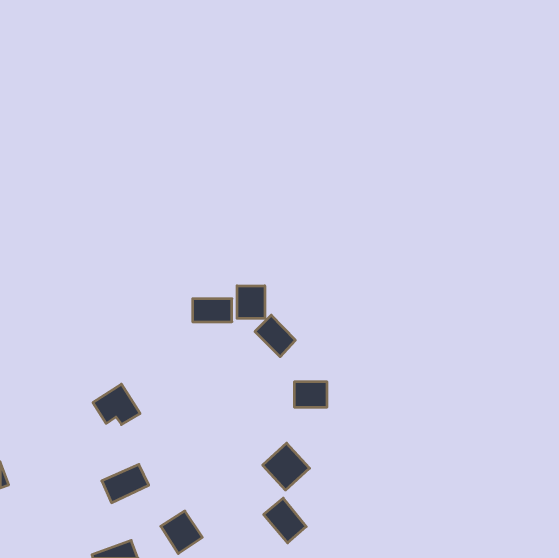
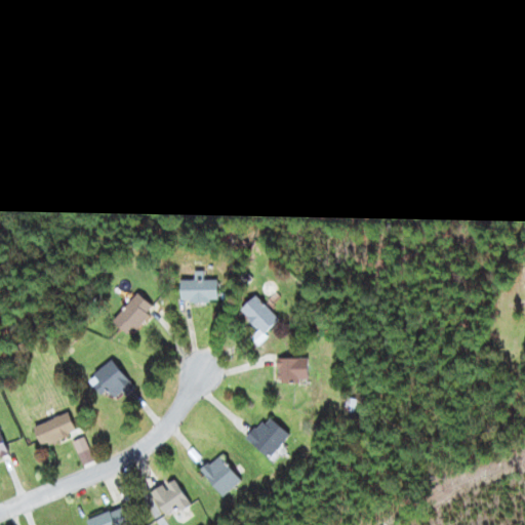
building: [237,286,265,318] -> none
building: none -> [112,293,155,335]
building: [102,464,149,503] -> [33,412,77,448]
building: [264,498,306,543] -> [200,454,240,496]

